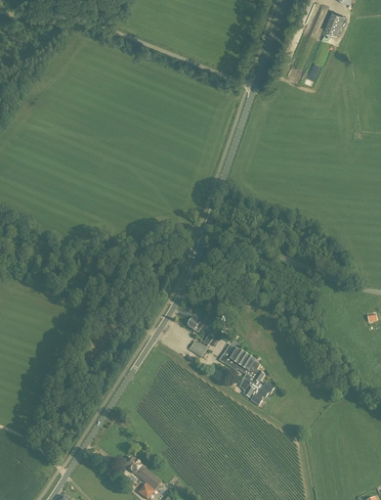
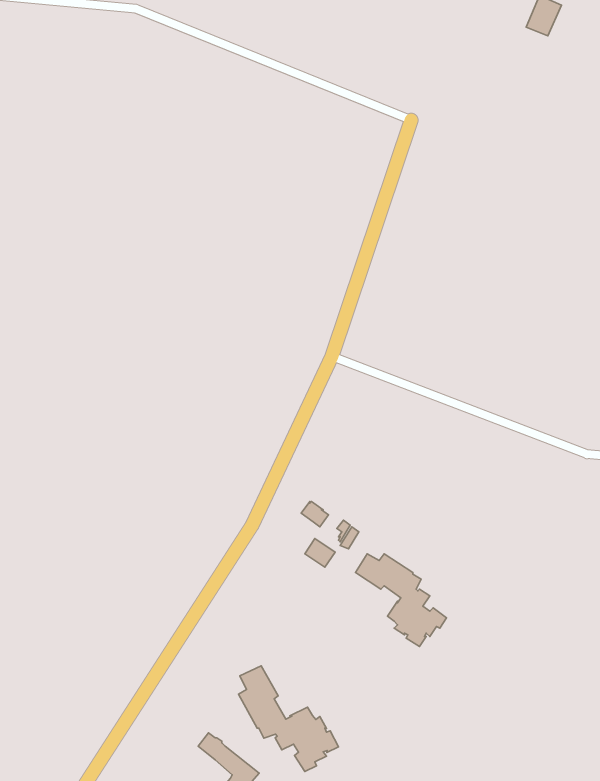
building: none -> [239,666,339,772]

